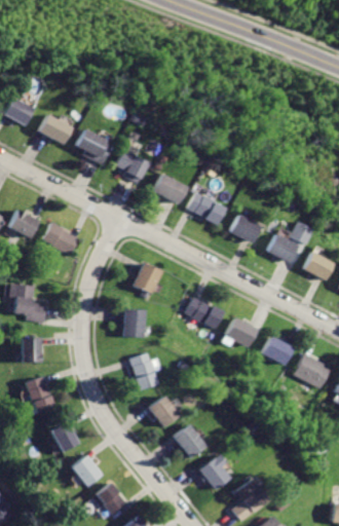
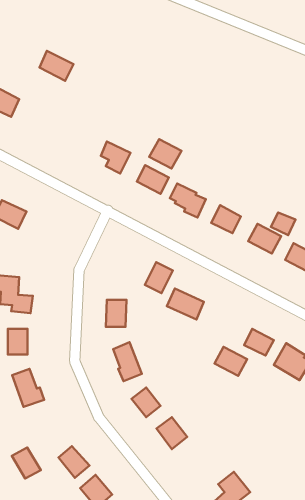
building: [41,114,75,144] -> [40,51,74,81]
building: [80,130,113,164] -> none
building: none -> [149,139,181,168]
building: [45,222,83,252] -> none
building: [133,262,160,293] -> [145,262,173,293]
building: [224,317,257,346] -> [214,347,247,376]
building: [54,421,83,452] -> [12,448,41,478]
building: [198,453,229,489] -> none

